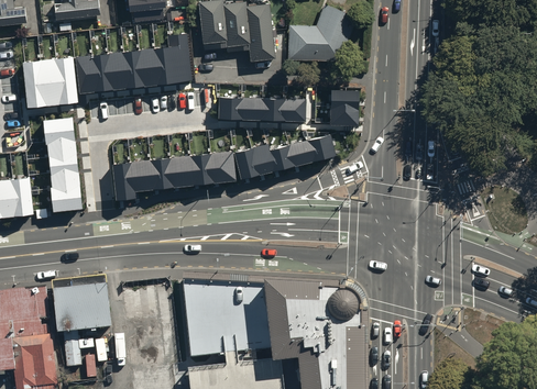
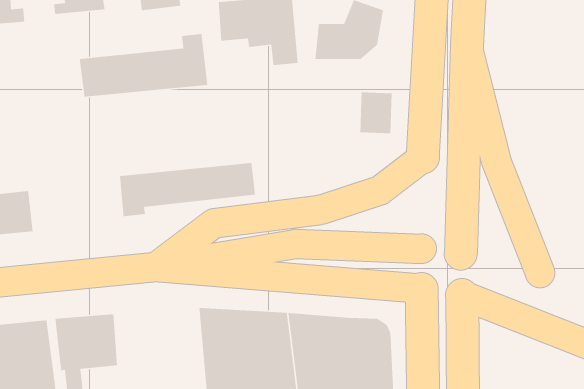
building: [22,56,77,108] -> none
building: [217,96,305,122] -> none
building: [42,115,81,211] -> none
building: [232,134,335,178] -> none

